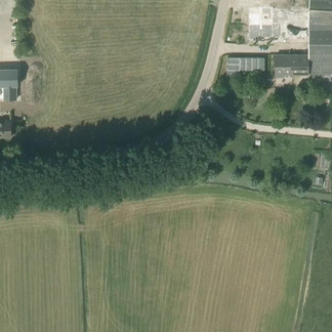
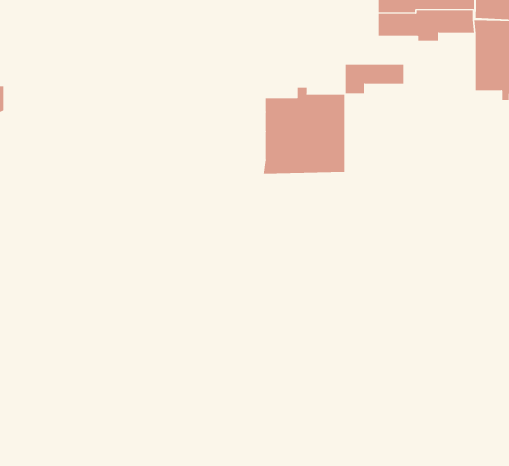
building: [275,54,308,77] -> none
building: none -> [263,87,345,174]

